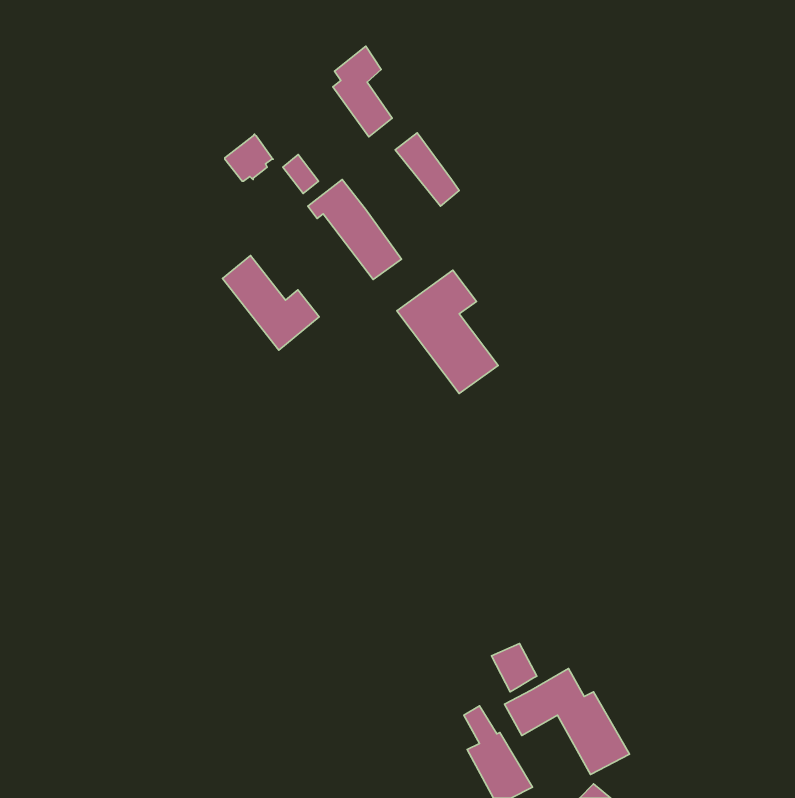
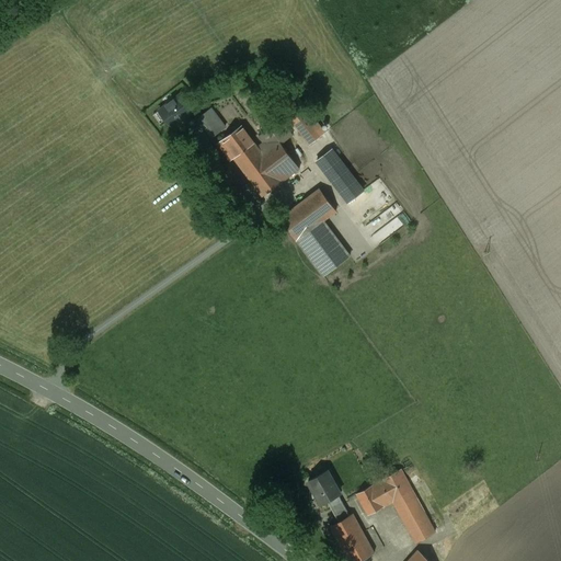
building: [333,46,392,137] -> [256,118,298,182]
building: none -> [314,150,362,203]
building: [222,255,319,350] -> none
building: [491,643,537,692] -> [307,471,339,505]

